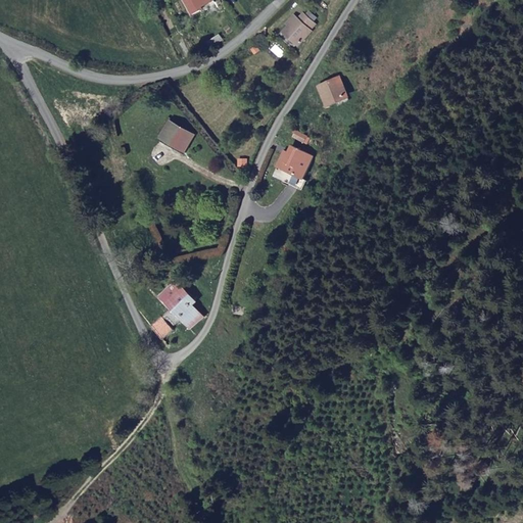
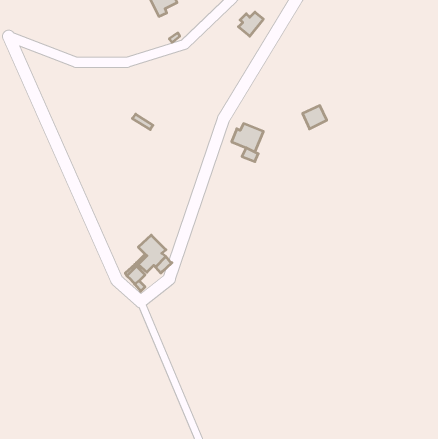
building: [322,78,350,105] -> [303,106,327,129]
building: [160,122,187,148] -> none

